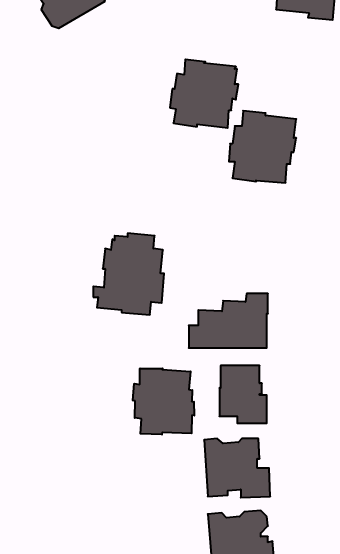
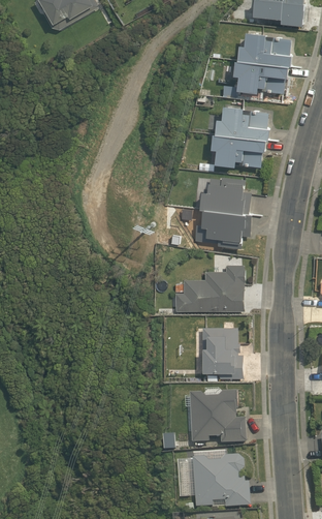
building: [170,59,238,128] -> [230,31,290,91]
building: [93,233,164,315] -> [189,176,251,247]
building: [133,368,194,435] -> none

